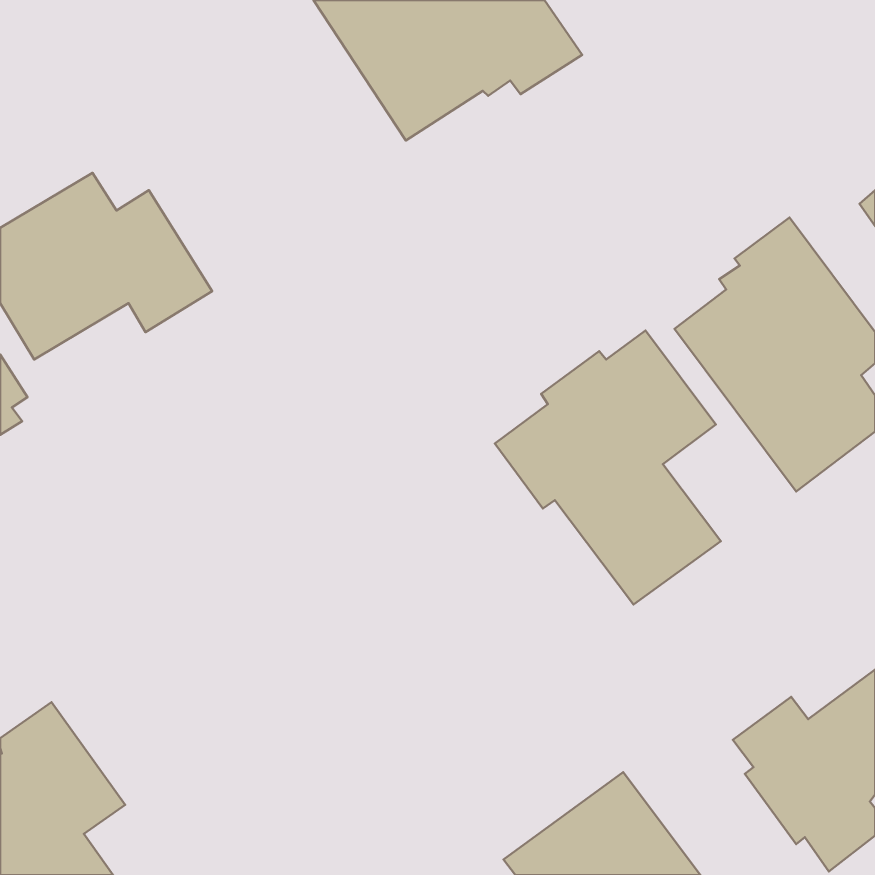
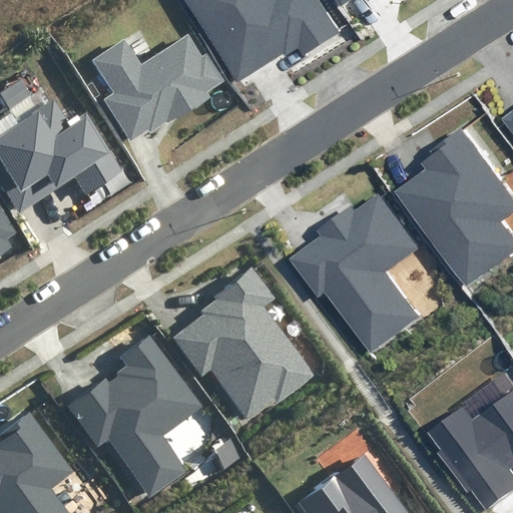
building: none -> [92,36,222,140]
building: none -> [171,267,314,417]
building: none -> [67,337,203,498]

